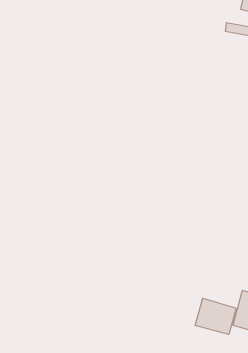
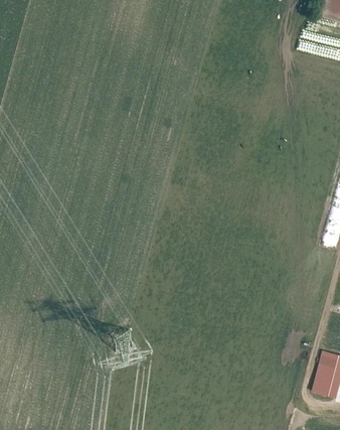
building: [195,298,236,334] -> none

